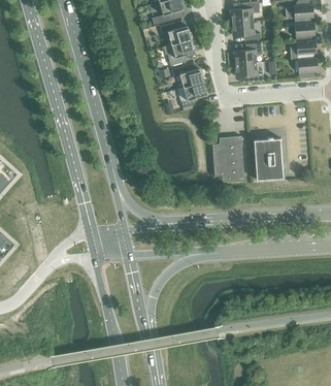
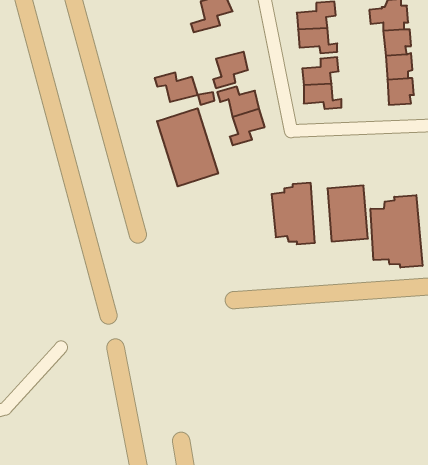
building: [159,24,191,45] -> [155,73,198,102]
building: none -> [157,108,218,186]
building: none -> [371,195,422,268]

